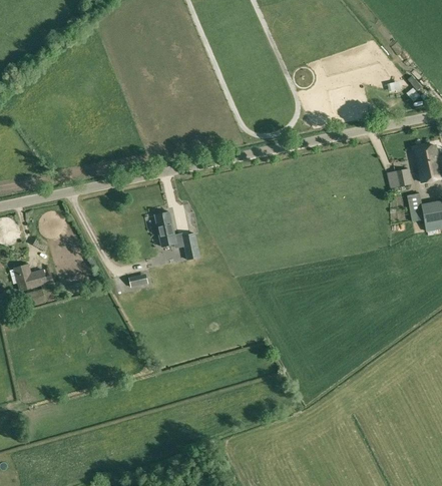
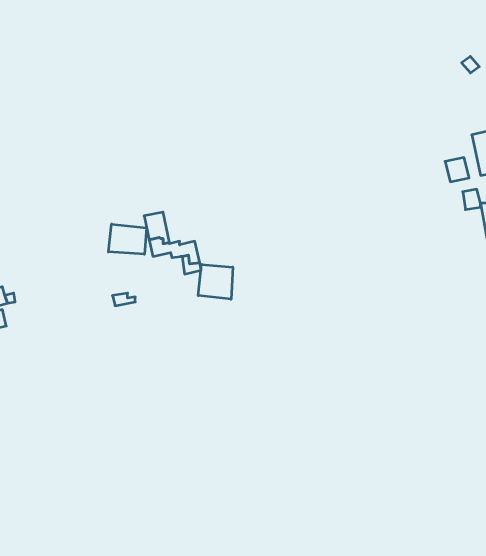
building: none -> [108,224,147,254]
building: none -> [198,264,233,299]

